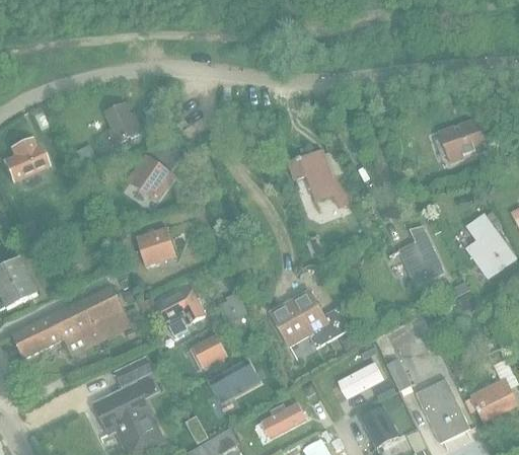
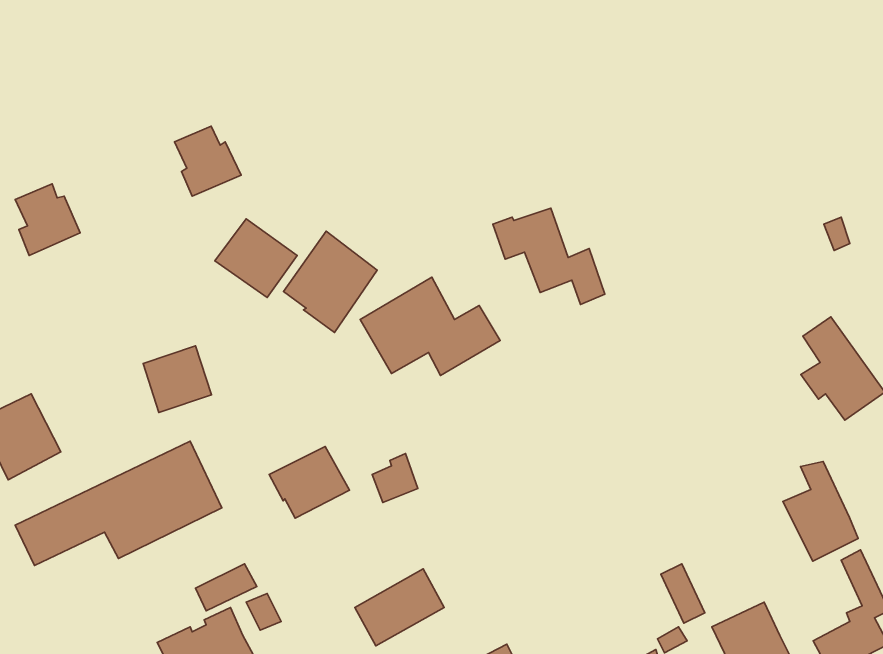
building: [438,123,487,163] -> none
building: none -> [284,231,377,332]
building: [136,227,175,266] -> [143,346,211,412]
building: [398,227,442,285] -> [783,461,858,561]
building: [268,292,349,349] -> [360,277,500,375]
building: [192,334,226,368] -> none
building: [338,364,381,397] -> none

